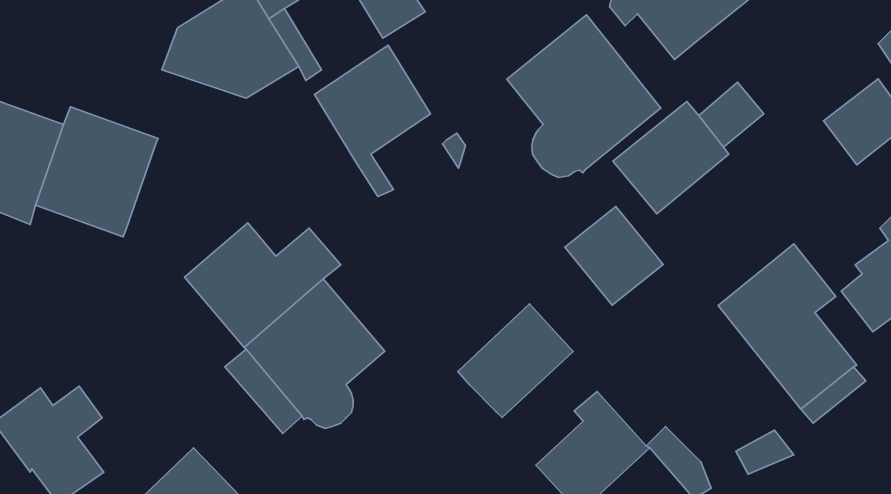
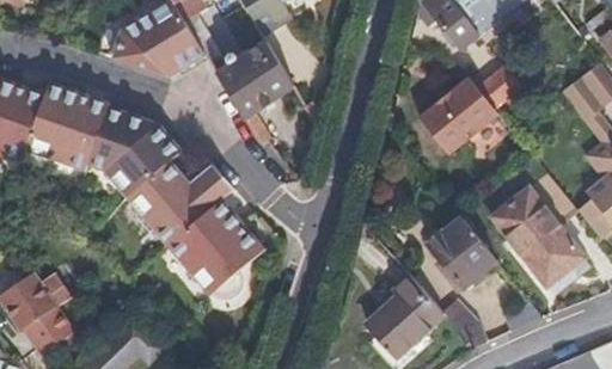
building: [507,15,661,178] -> none
building: none -> [87,105,182,197]
building: [565,207,663,305] -> [428,219,495,285]
building: [458,304,573,418] -> none

